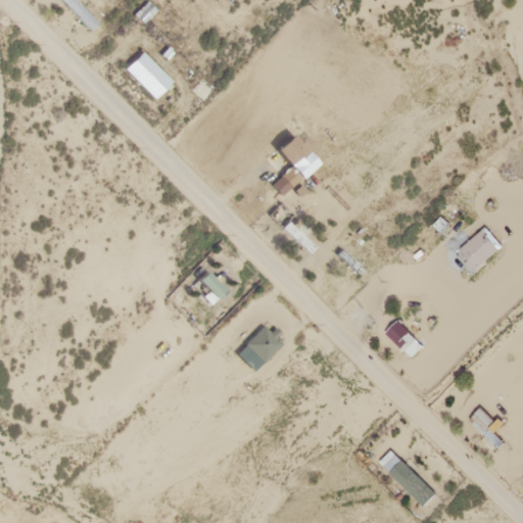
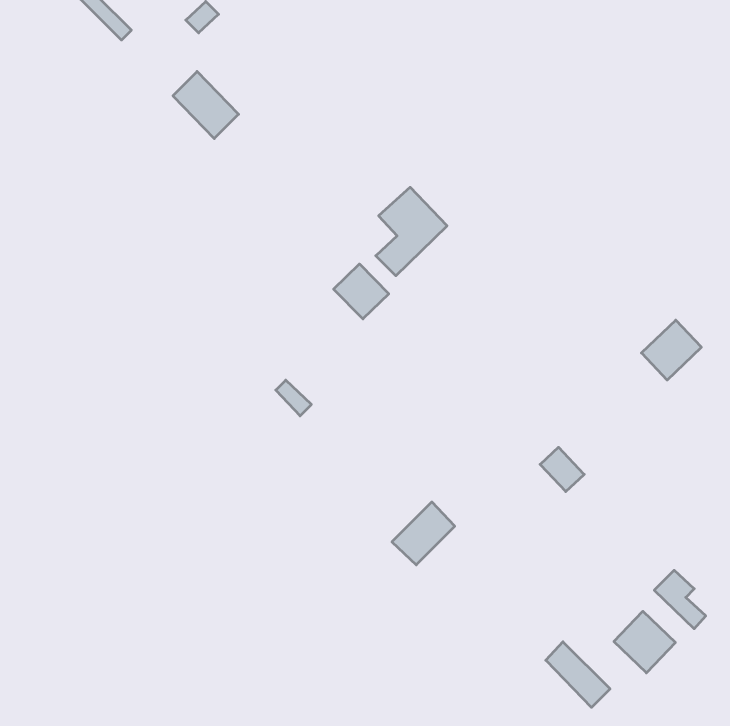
building: none -> [334,264,389,319]
building: [237,324,282,369] -> [392,502,455,565]
building: none -> [614,611,675,673]

